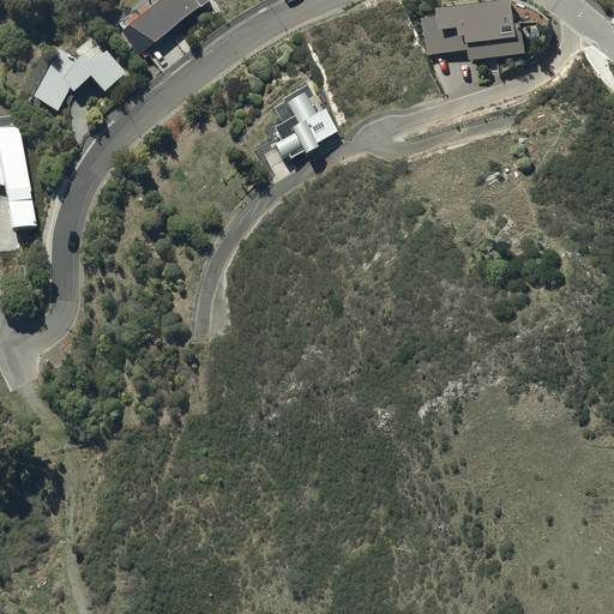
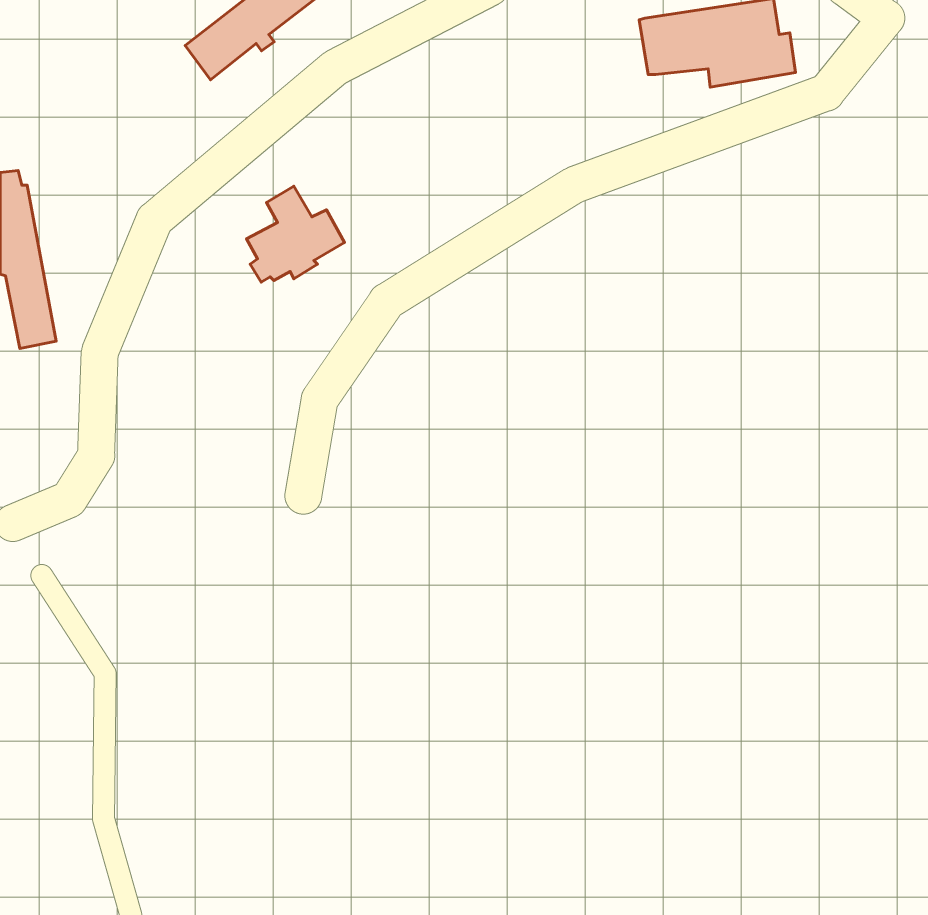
building: [28,49,126,114] -> none
building: [271,92,336,156] -> [247,186,345,282]

